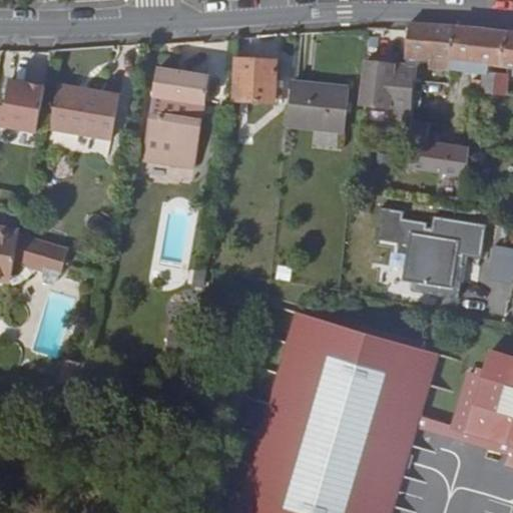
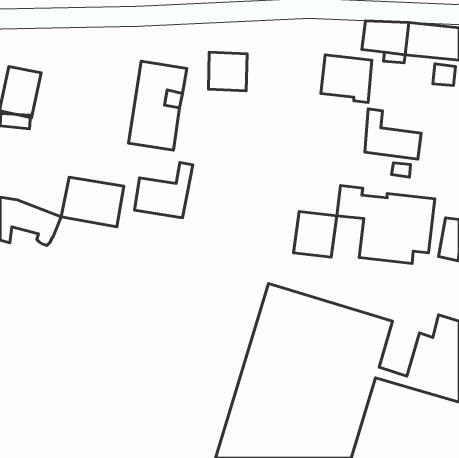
building: [286,80,349,132] -> none
building: [49,84,119,139] -> [61,177,124,227]
building: none -> [134,163,193,218]
building: none -> [293,211,337,257]

